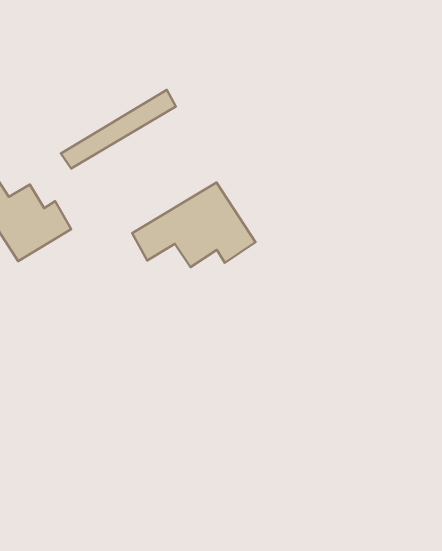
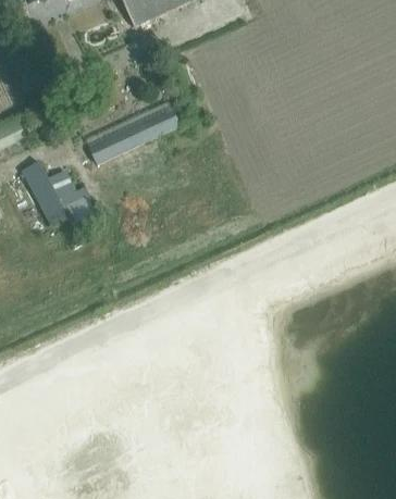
building: [132,183,255,267] -> none

